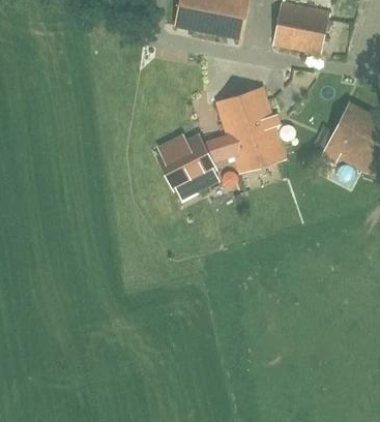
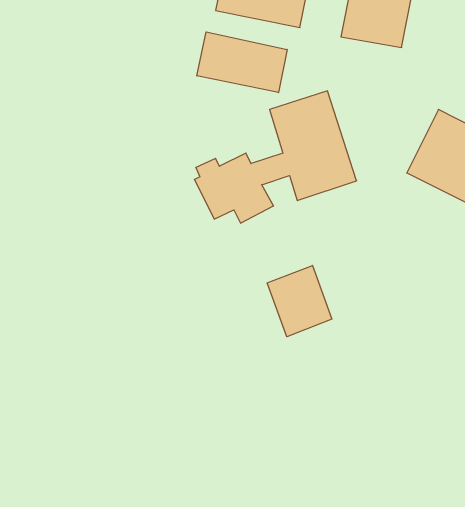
building: none -> [197,32,287,93]
building: none -> [267,265,332,337]

